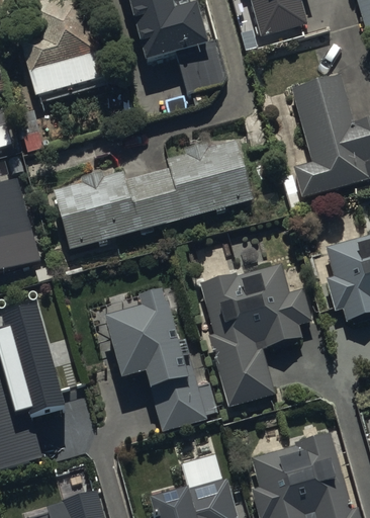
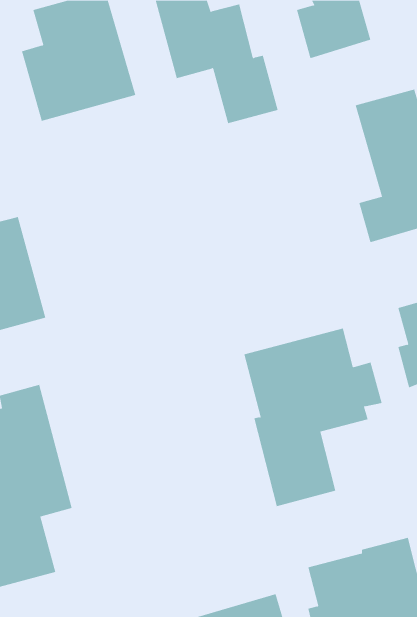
building: [54,138,252,246] -> none
building: [106,288,219,434] -> none

